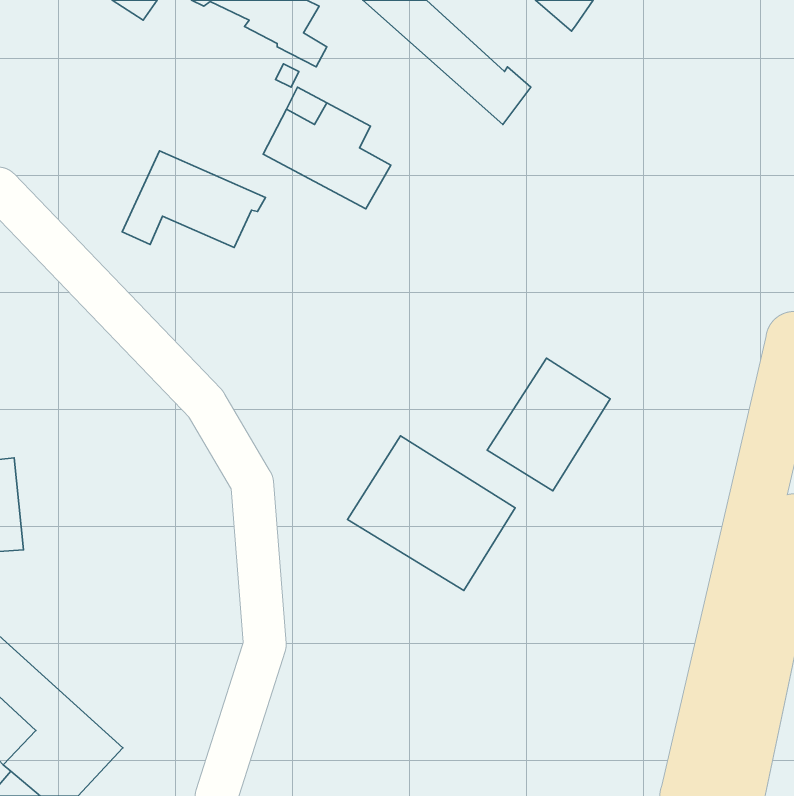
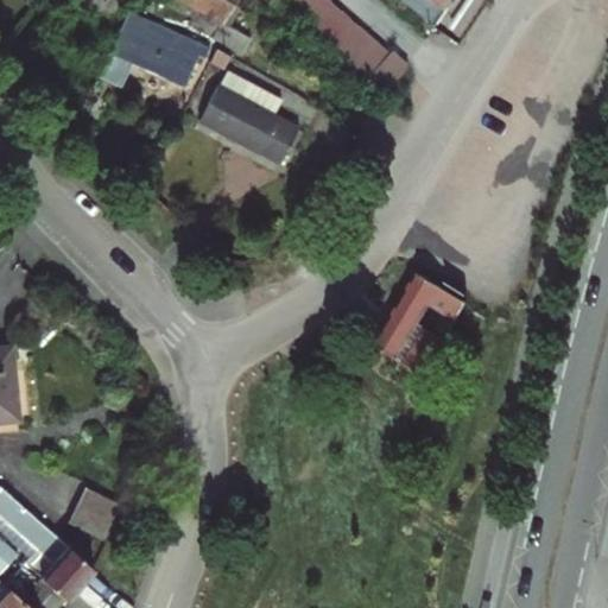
building: [122,151,265,247] -> [100,10,209,83]
building: [347,436,515,591] -> none
building: none -> [70,492,120,540]

